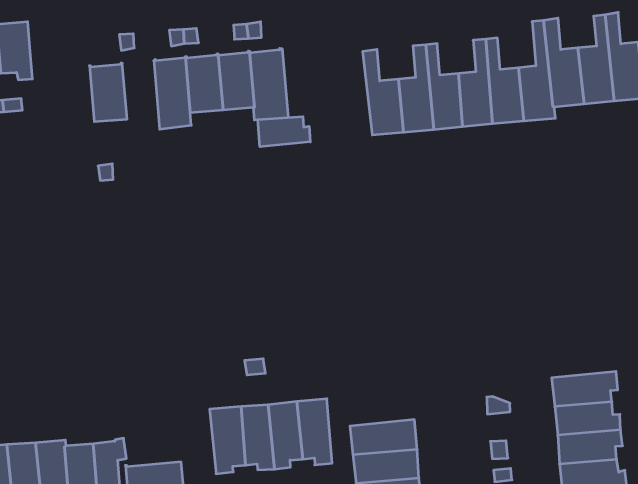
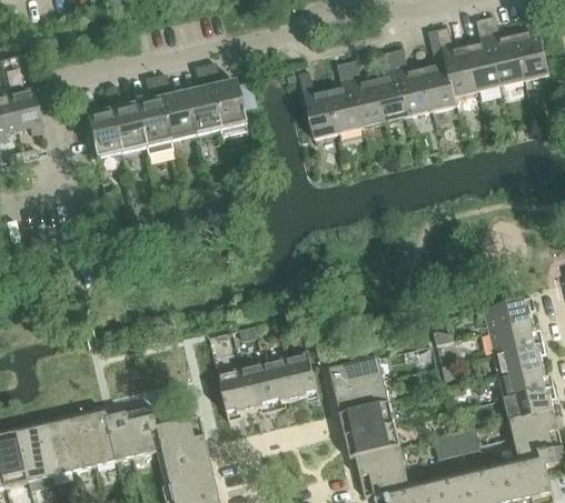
building: none -> [109,102,143,151]
building: [258,117,310,147] -> none

